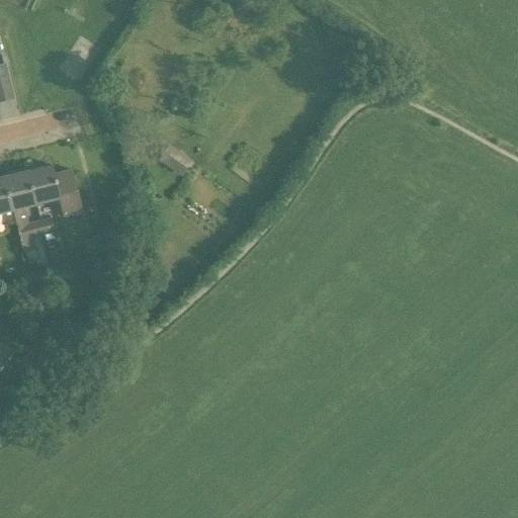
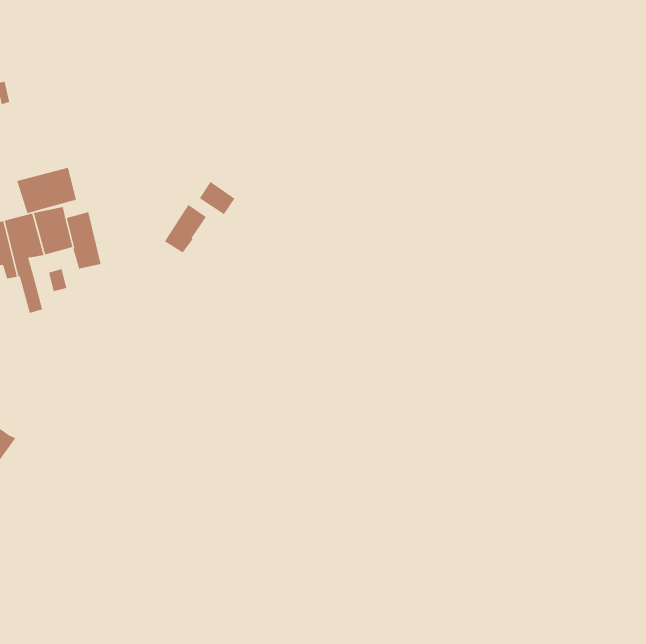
building: none -> [16,167,77,214]
building: none -> [164,204,207,254]

